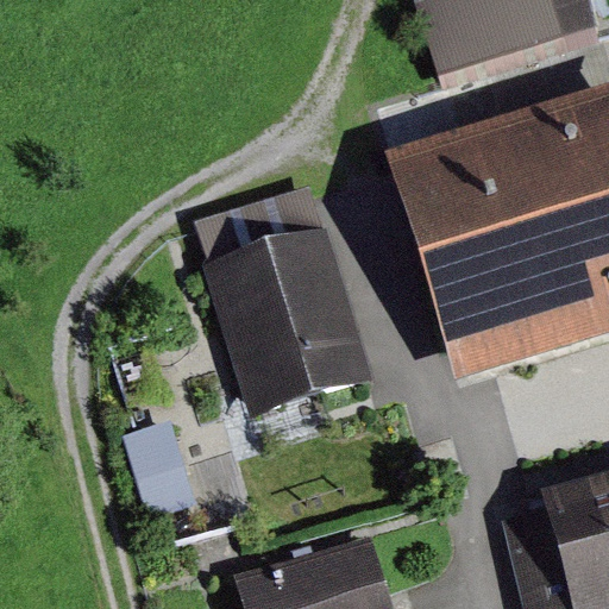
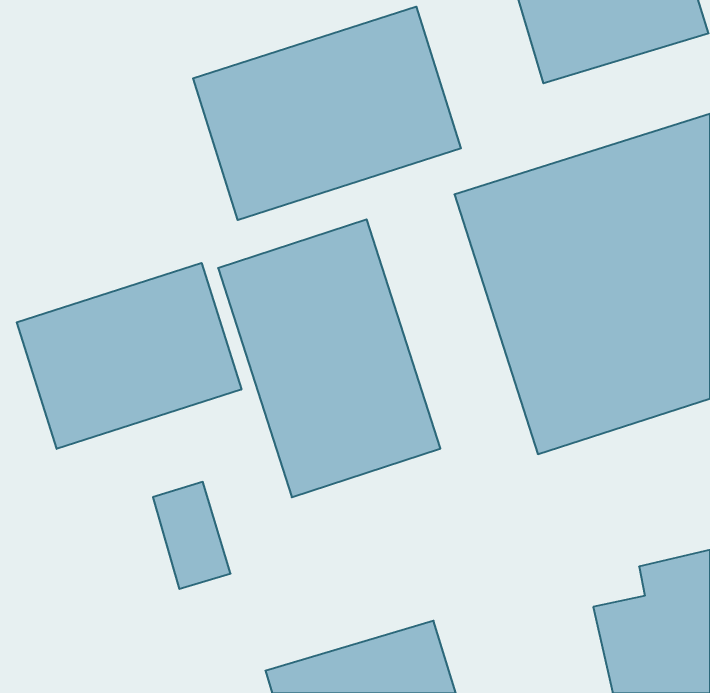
building: none -> [193,7,461,220]
building: none -> [17,263,241,449]

